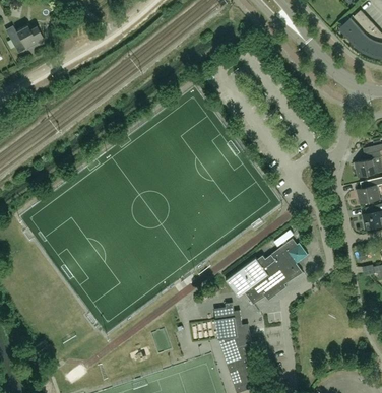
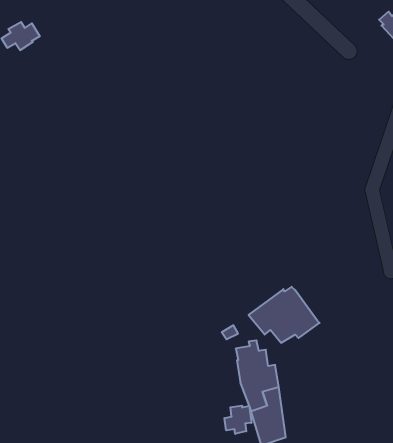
building: [266,238,309,284] -> none
building: none -> [224,406,251,434]

